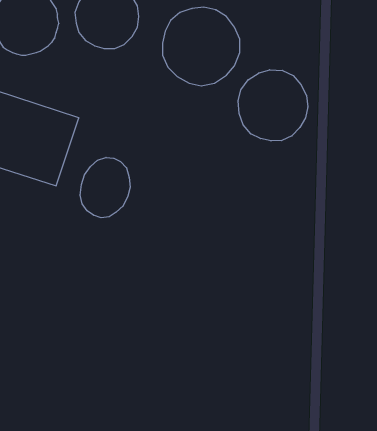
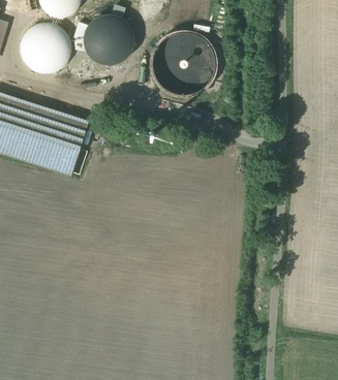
building: [238,70,308,141] -> none
building: [80,157,130,218] -> none

